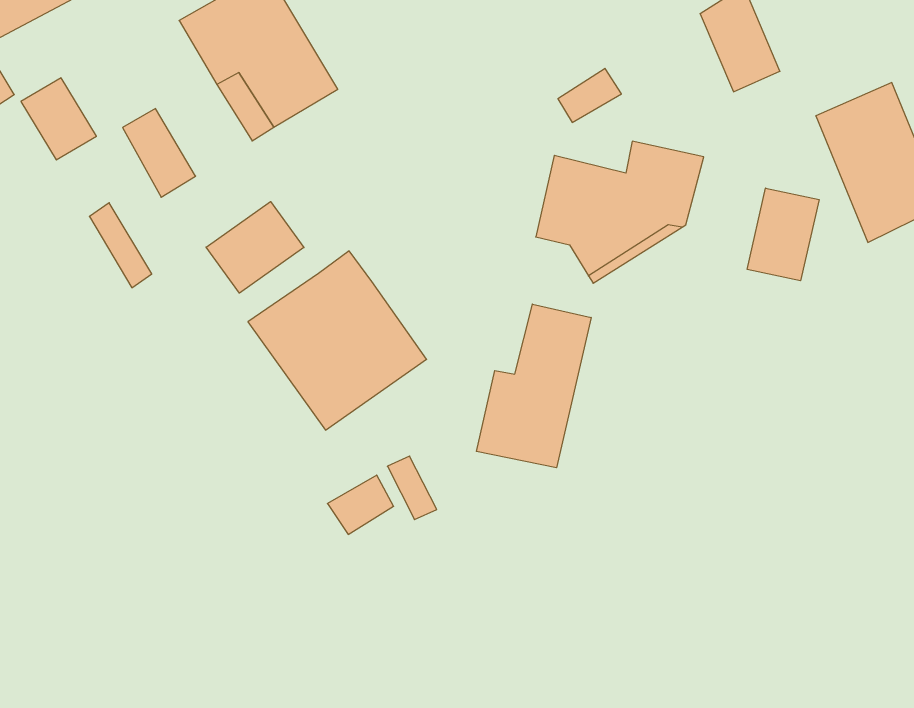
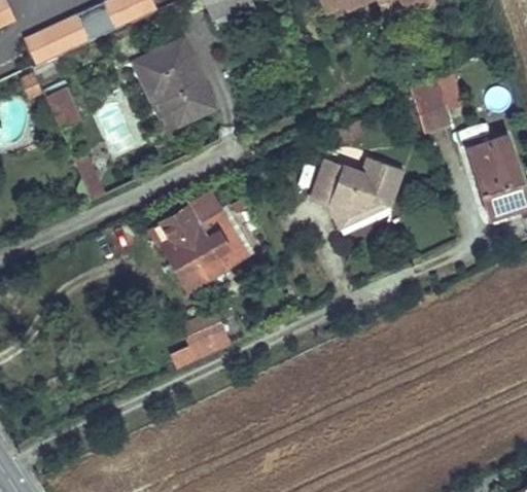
building: [747,188,819,281] -> none
building: [206,202,304,293] -> none
building: [476,304,591,468] -> none

